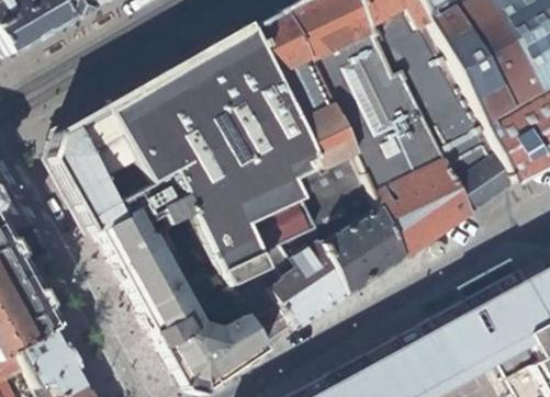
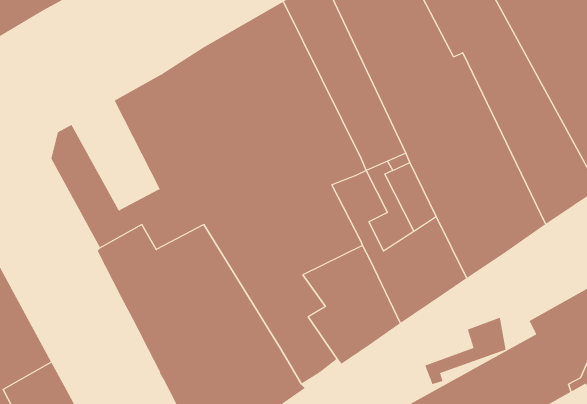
building: [74,111,146,202] -> none
building: none -> [425,317,506,385]

